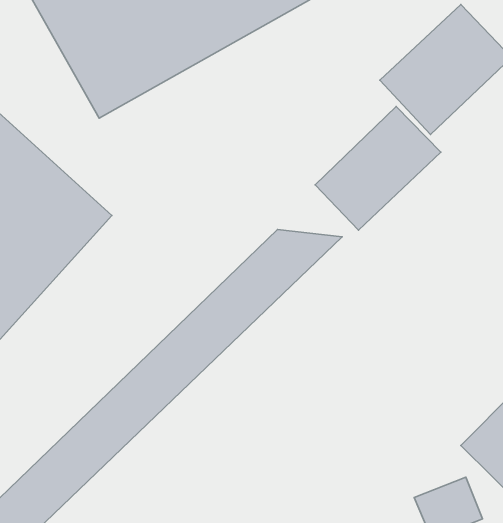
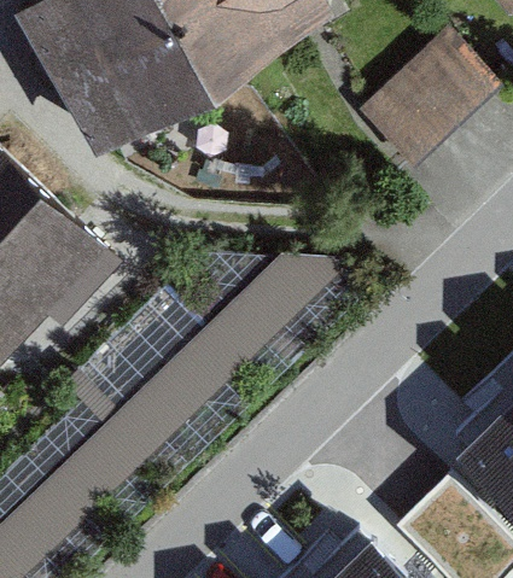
building: [315,106,441,230] -> none

